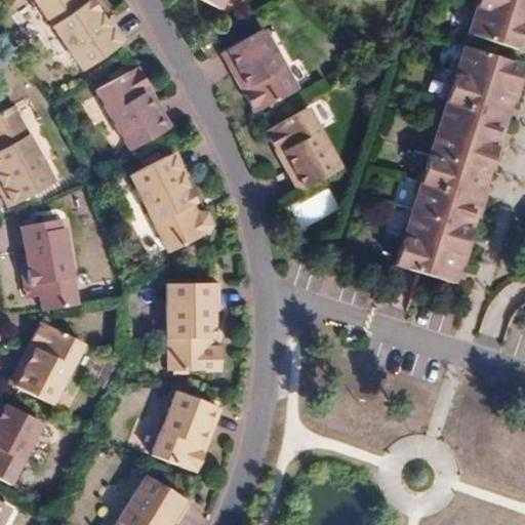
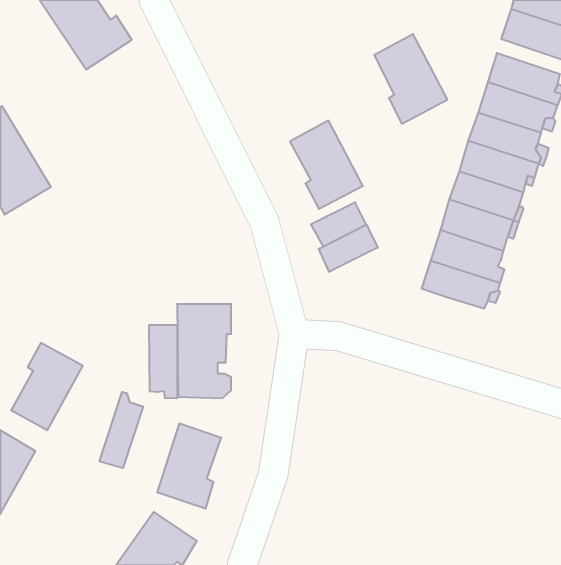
building: [231,32,298,115] -> [374,34,447,124]
building: [96,64,161,145] -> none
building: [132,151,214,250] -> none
building: none -> [319,225,378,272]
building: [23,213,74,305] -> none
building: none -> [149,325,177,398]
building: none -> [100,392,143,468]

